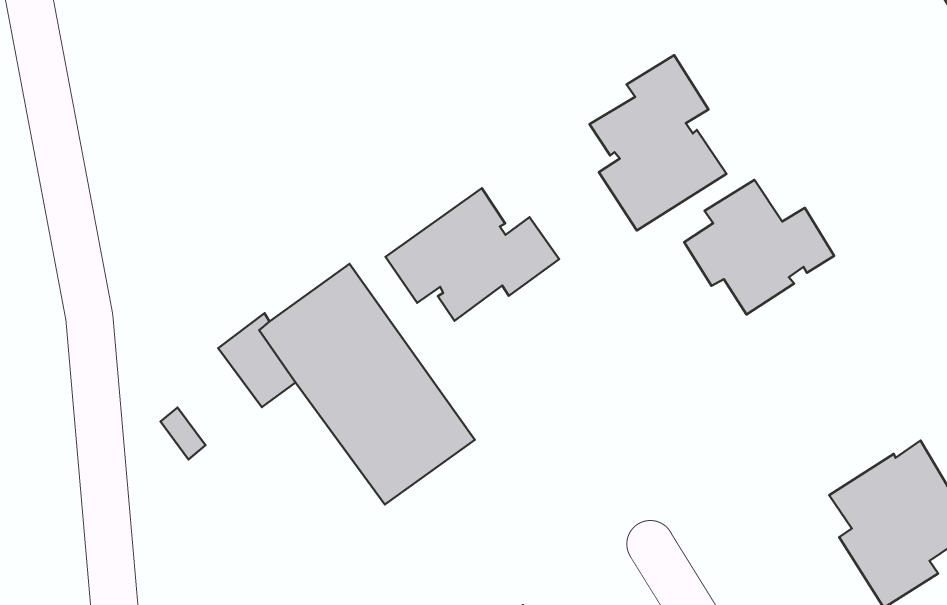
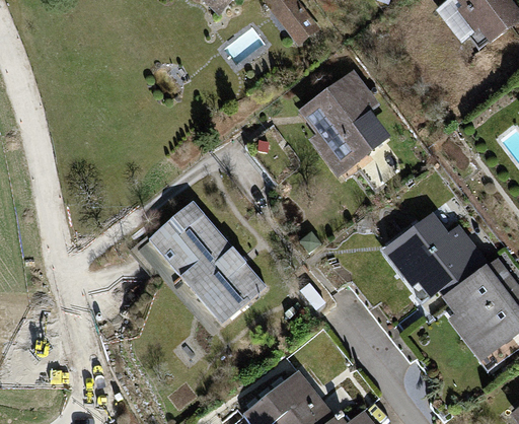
building: [684,180,834,315] -> [396,221,474,291]
building: [386,188,559,321] -> none

